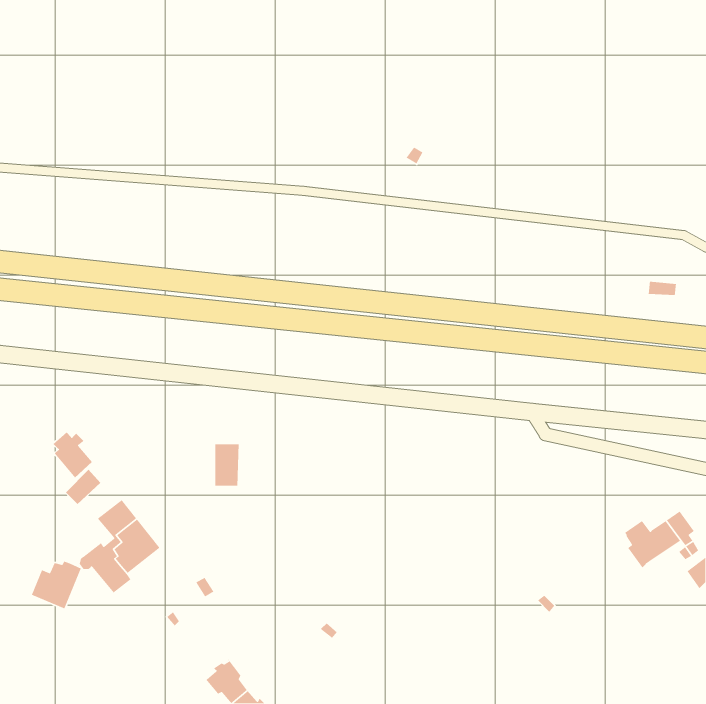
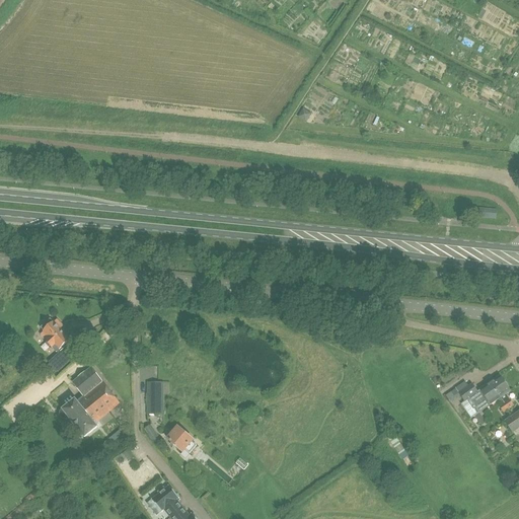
building: [215,444,239,486] -> [145,381,163,413]
building: [31,560,82,609] -> none
building: none -> [166,426,196,452]

